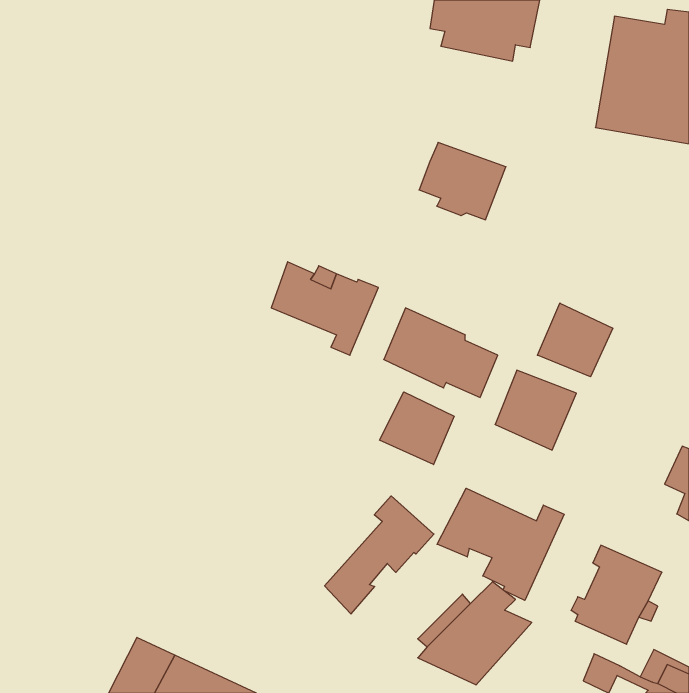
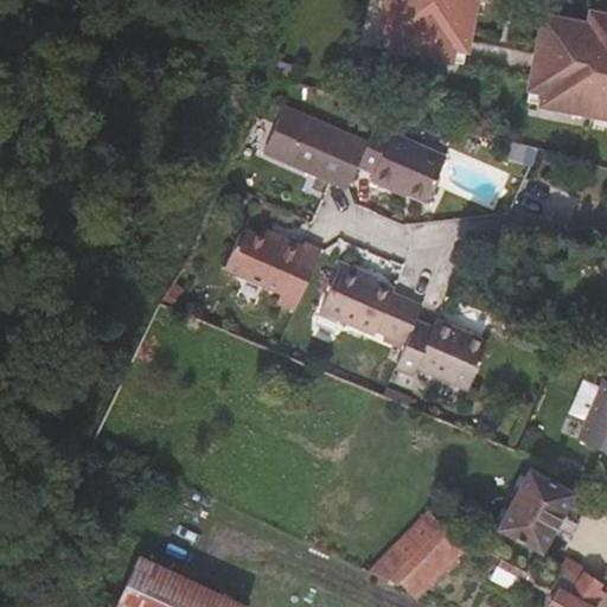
building: none -> [270,109,376,191]
building: [537,303,613,377] -> none
building: [380,392,454,465] -> none
building: [437,488,564,600] -> none
building: [325,496,434,614] -> none

